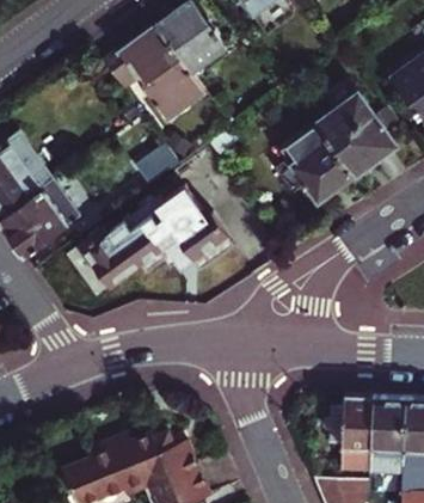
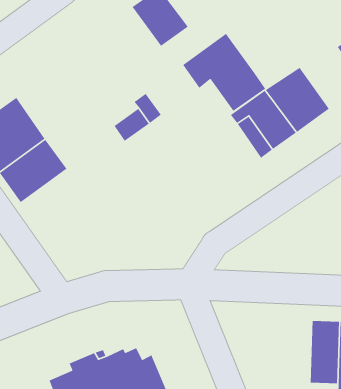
building: [106,24,207,118] -> [182,33,266,112]
building: [82,188,234,287] -> none
building: [325,397,374,473] -> none

